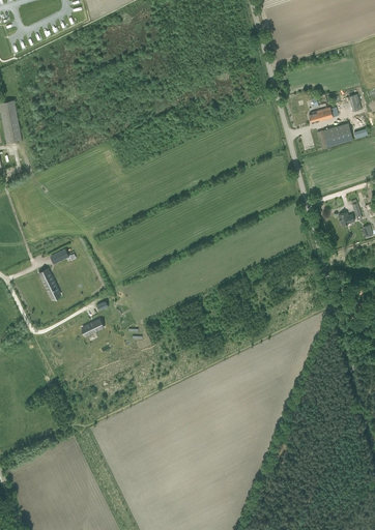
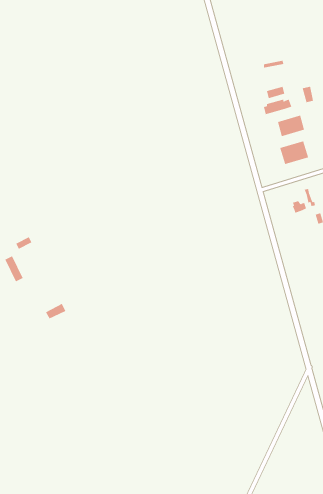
building: none -> [279,141,309,165]

